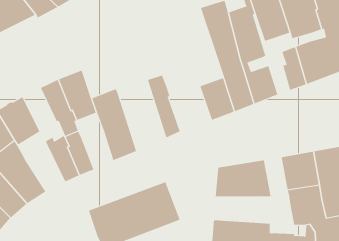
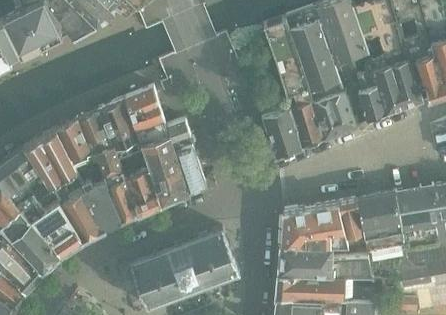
building: none -> [125,87,165,132]
building: [147,75,180,138] -> [167,120,206,194]
building: none -> [56,120,95,171]
building: none -> [125,171,161,215]
building: none -> [59,187,105,241]
building: none -> [338,201,366,247]
building: none -> [278,247,372,280]

